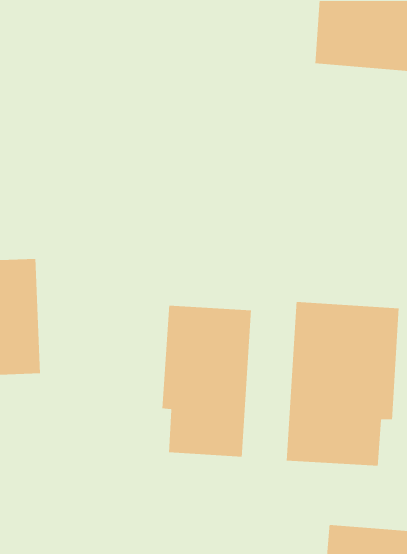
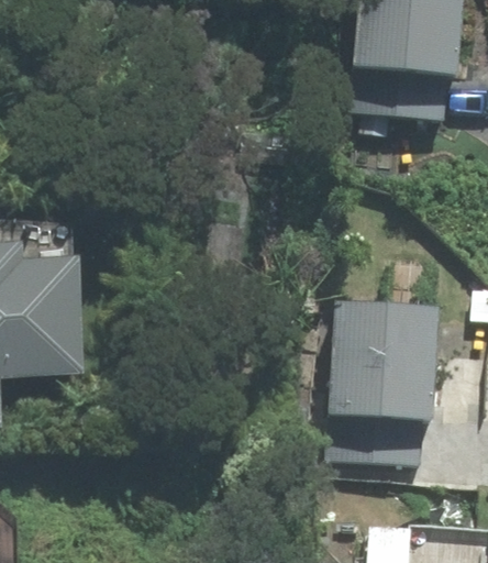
building: [162,305,252,458] -> none

